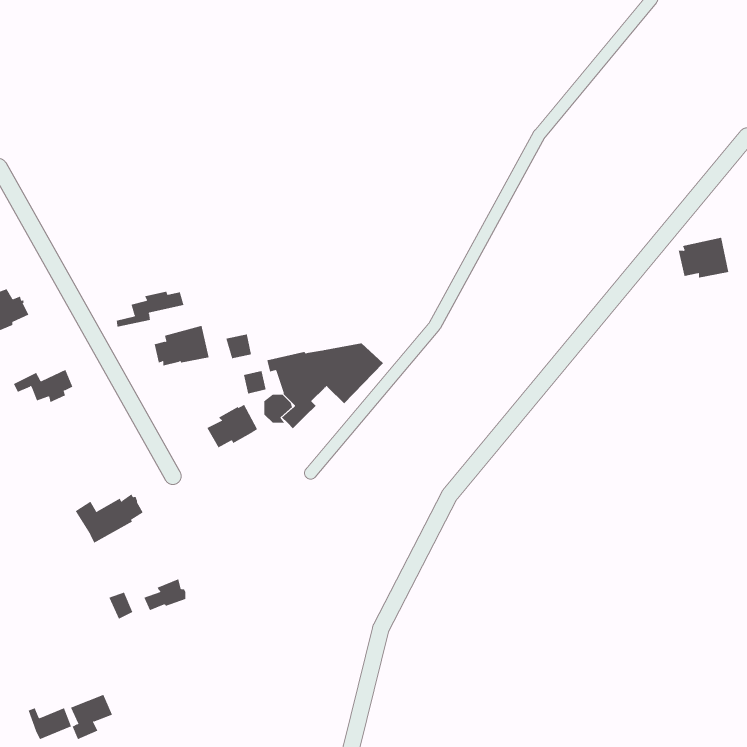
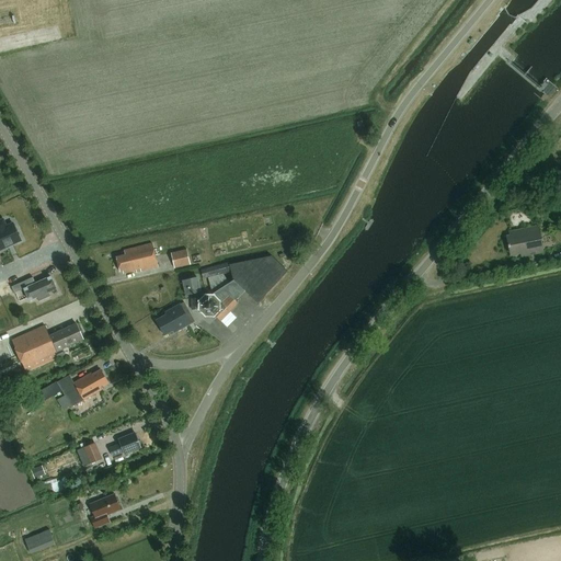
building: [678,237,729,278] -> [504,226,542,256]
building: [116,291,184,327] -> none
building: none -> [11,323,82,371]
building: [70,694,113,740] -> [88,494,119,528]

